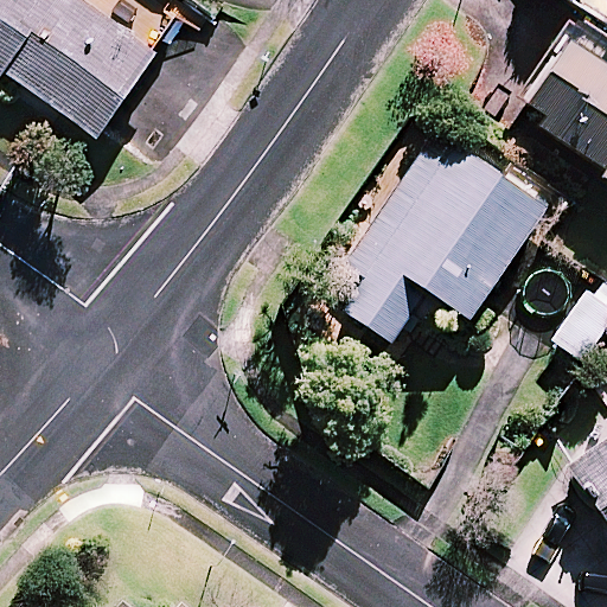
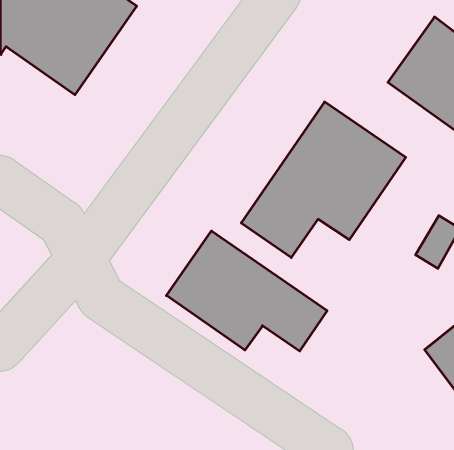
building: none -> [166,231,327,351]

